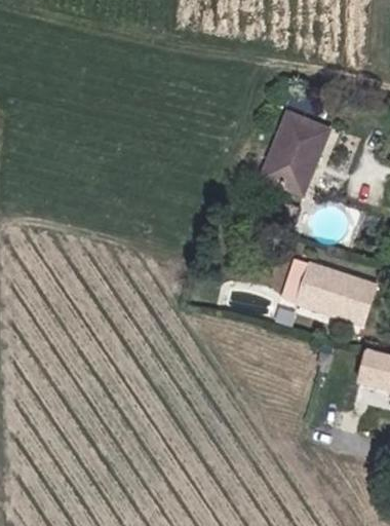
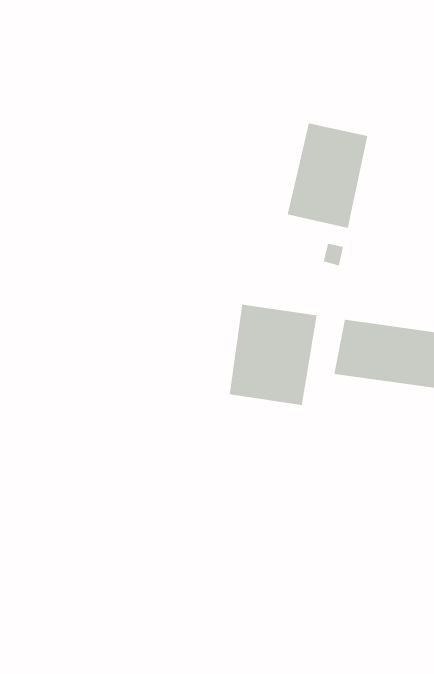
building: none -> [229,304,317,406]

